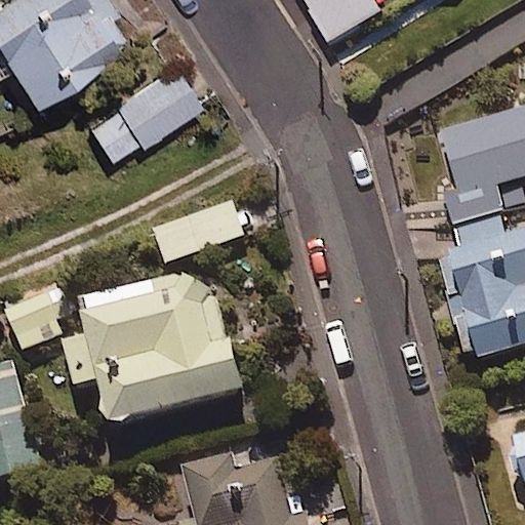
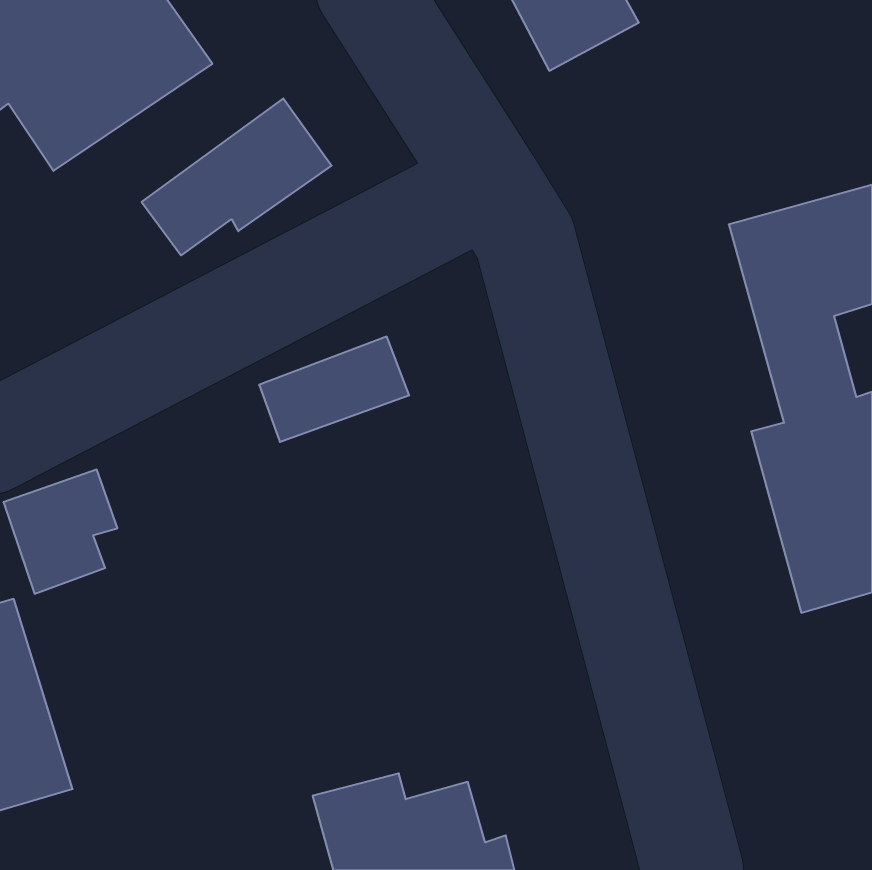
building: [65,277,244,435] -> none

